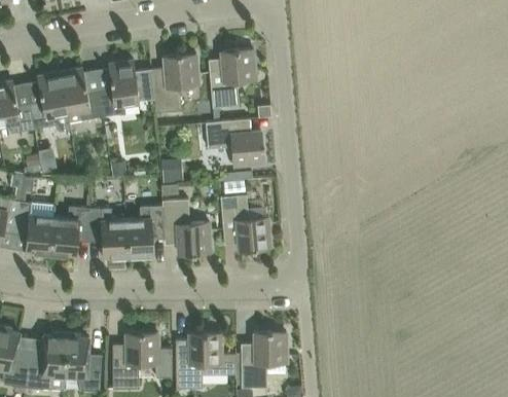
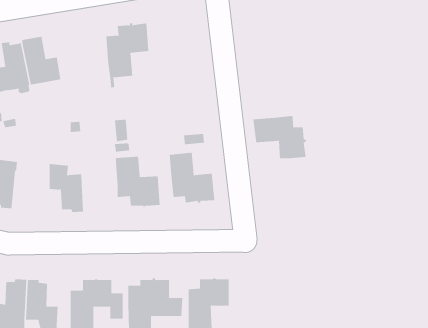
building: [208,49,255,108] -> none
building: [99,61,153,116] -> none
building: [205,119,263,167] -> [253,116,306,159]
building: [125,206,164,260] -> none
building: [49,207,89,258] -> none

